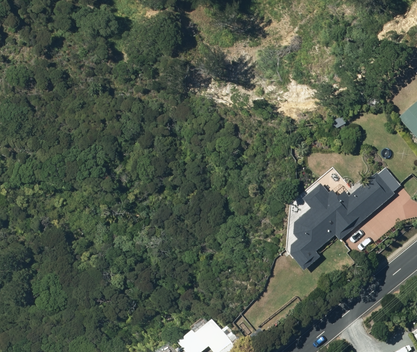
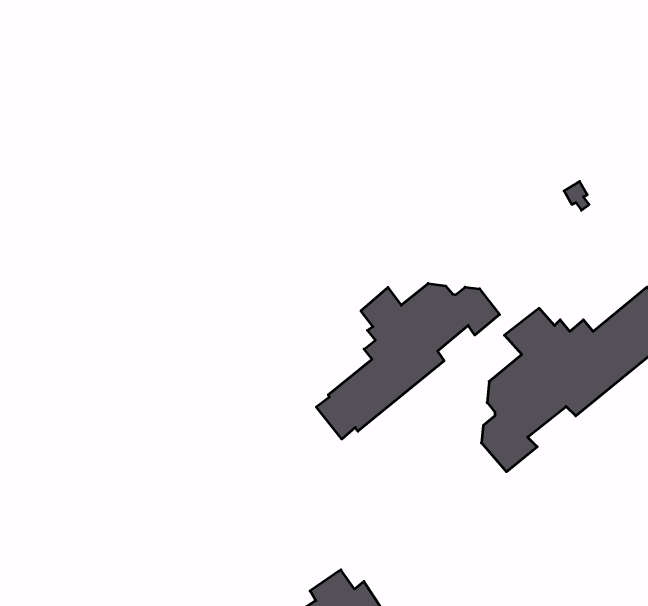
building: none -> [316,283,500,439]

